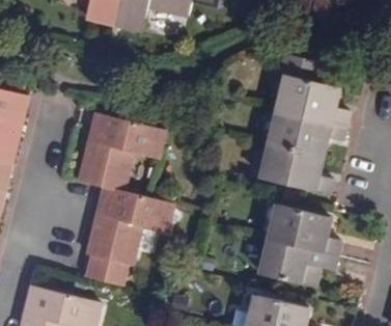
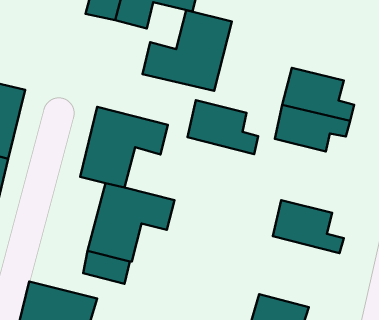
building: none -> [143,10,232,91]
building: [261,143,331,196] -> [187,100,258,154]
building: [259,239,333,287] -> none

